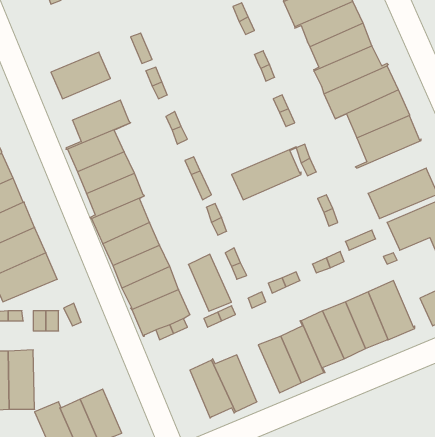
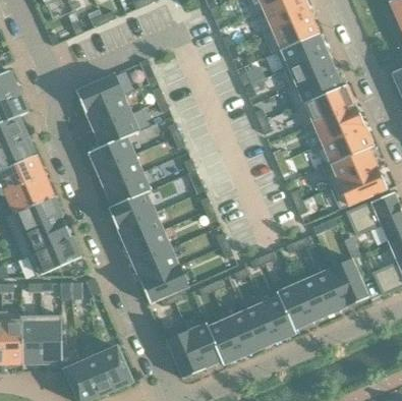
building: none -> [84,95,131,128]
building: [232,147,301,200] -> [322,145,378,187]
building: [188,254,231,311] -> [225,309,260,355]
building: none -> [166,330,204,378]

